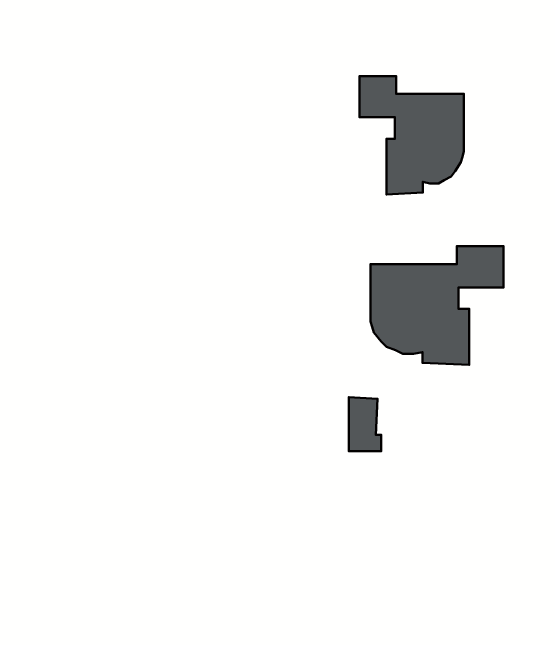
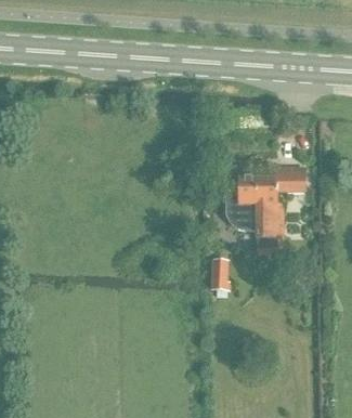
building: [360,76,464,194] -> none

